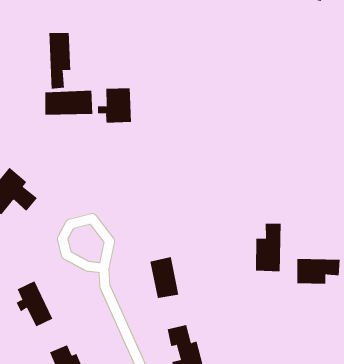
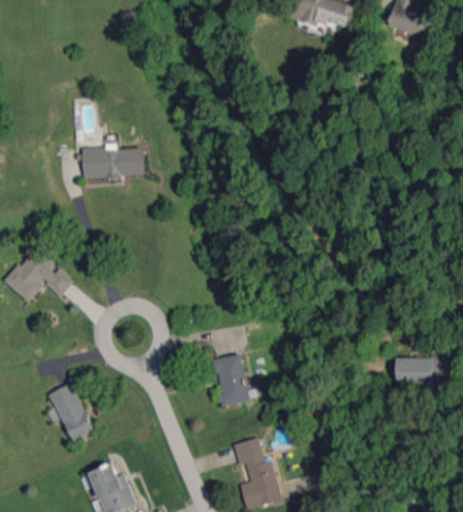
building: [49,32,71,89] -> none
building: [97,88,132,124] -> none
building: [255,223,281,272] -> none

